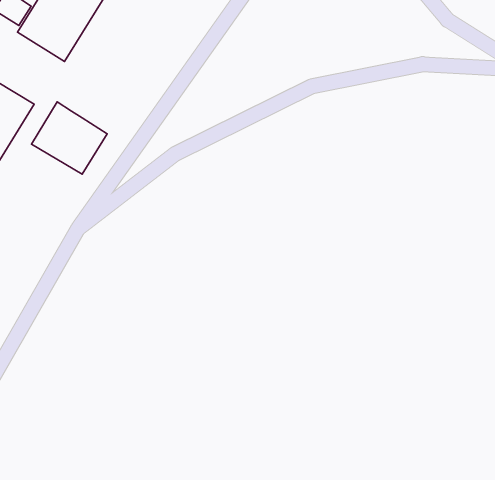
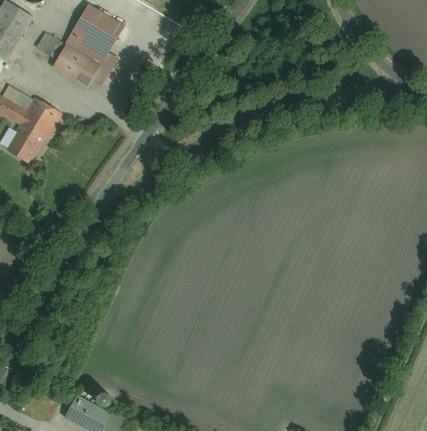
building: [32,102,107,174] -> none

